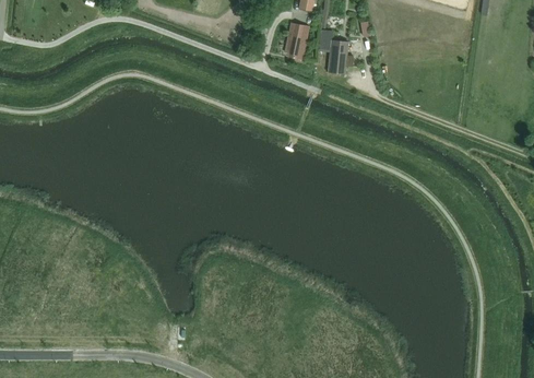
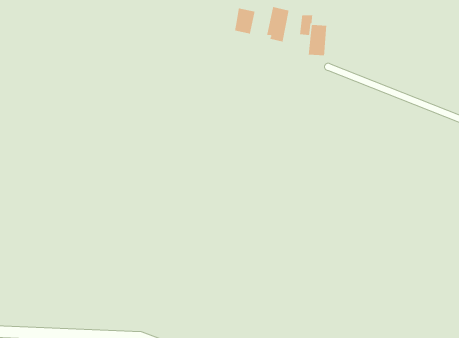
building: none -> [234,7,255,34]

